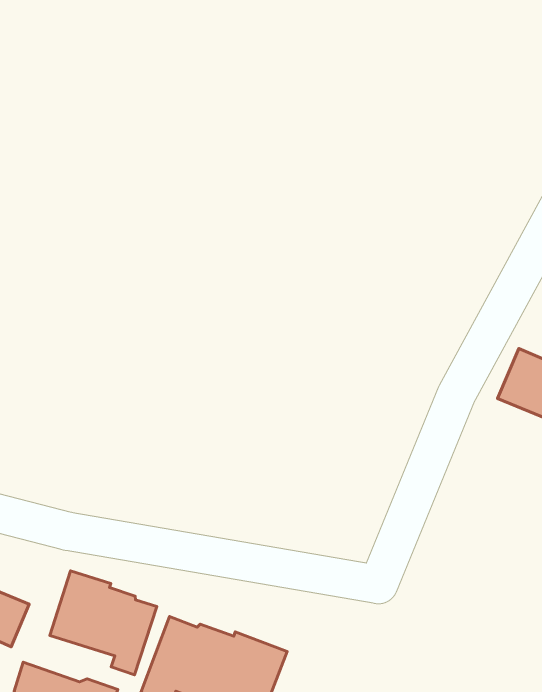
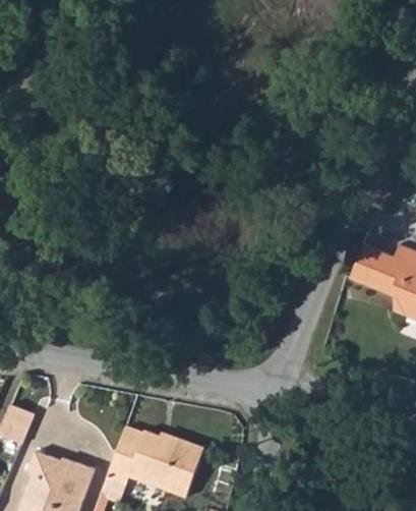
building: [50,571,157,675] -> none

